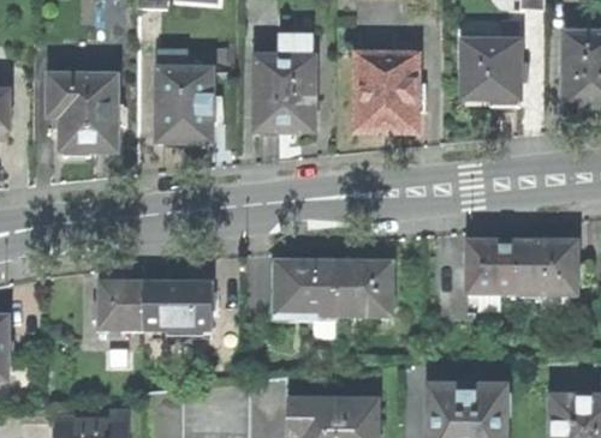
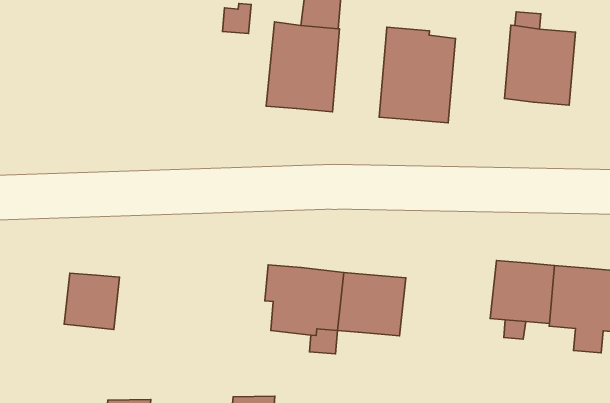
building: [160,48,213,136] -> none
building: [50,72,118,151] -> none
building: [143,283,212,330] -> none

